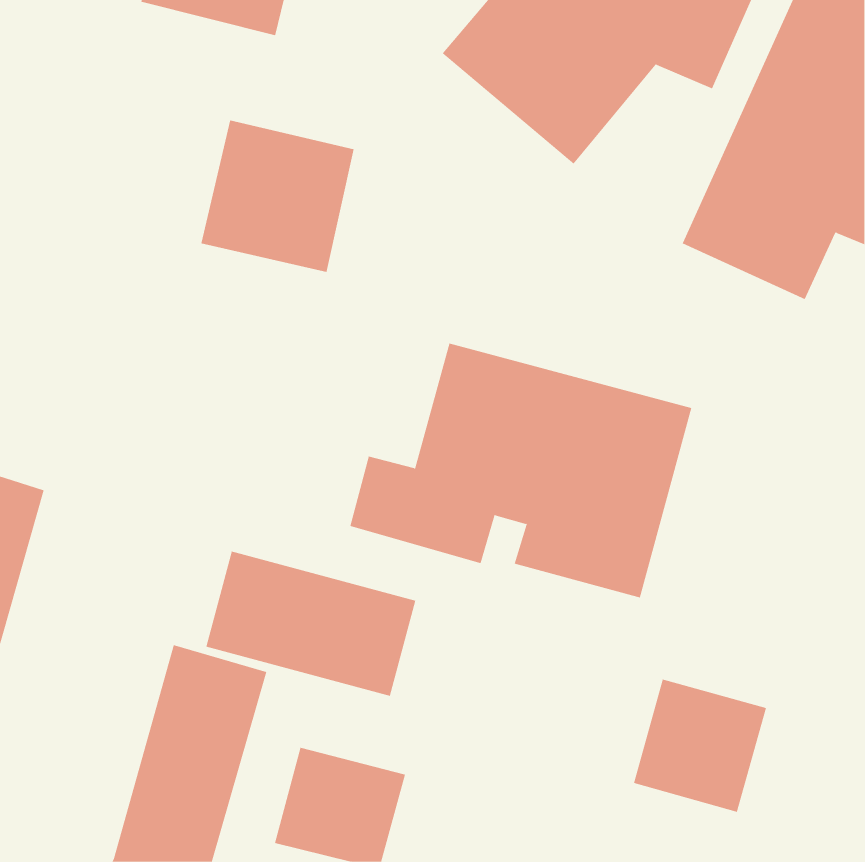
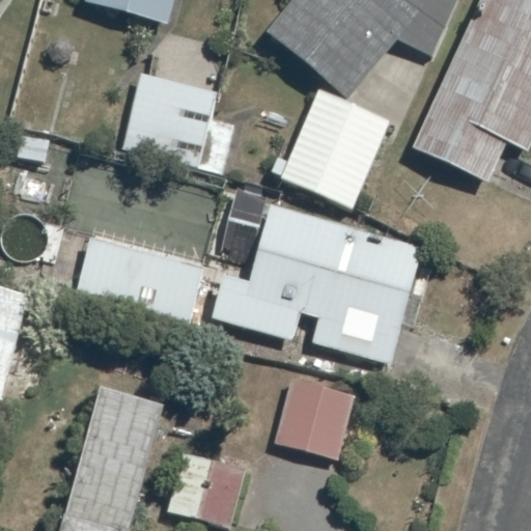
building: none -> [280,91,388,207]
building: [205,551,416,696] -> [76,234,203,323]
building: [633,679,767,812] -> [274,376,355,457]

